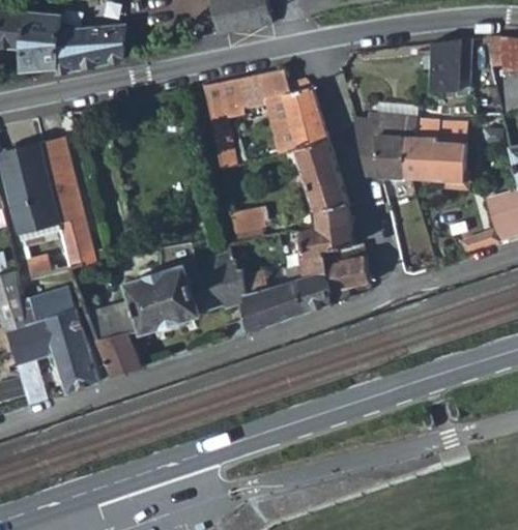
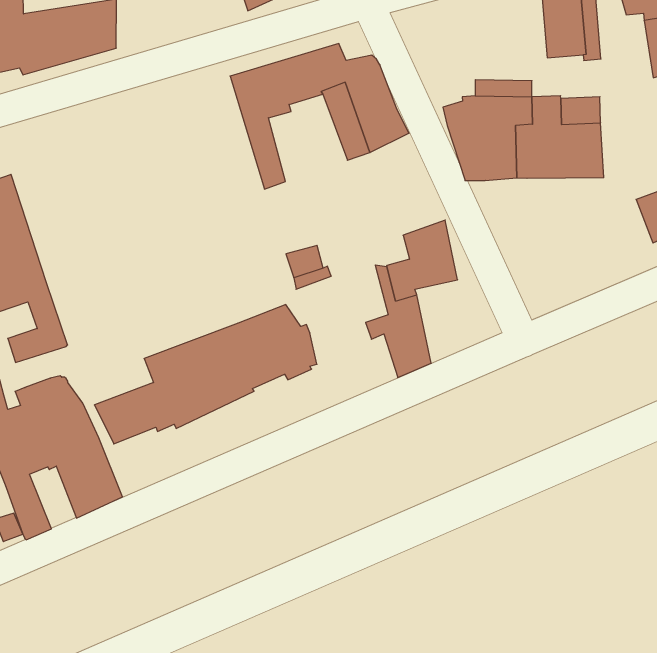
building: [39,137,95,268] -> none
building: [297,138,347,210] -> none
building: [321,243,369,303] -> none
building: [241,271,304,330] -> none
building: [96,332,141,377] -> none

